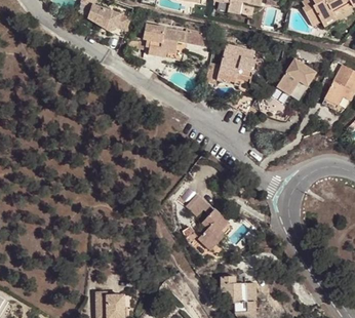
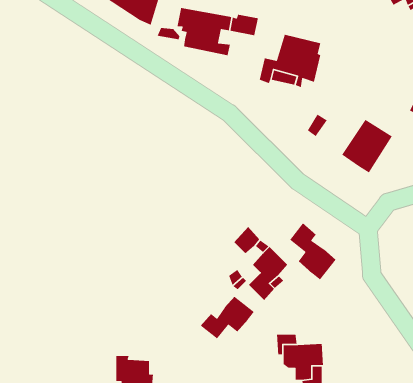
building: [276,58,316,101] -> [341,119,393,173]
building: none -> [289,222,336,281]
building: none -> [200,296,255,340]

